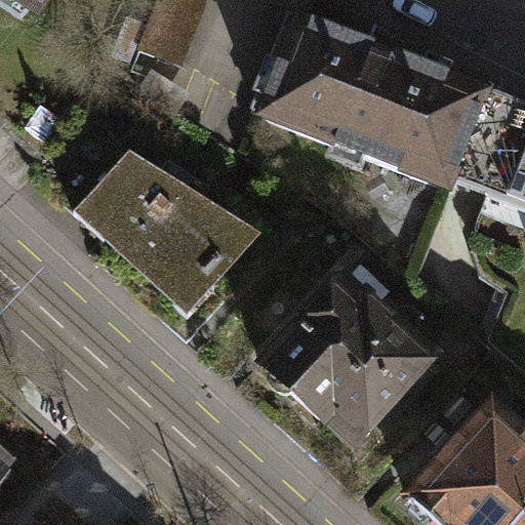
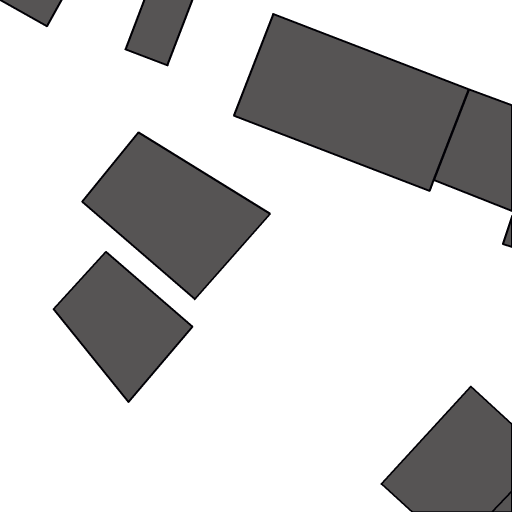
building: none -> [54,252,192,402]
building: [274,257,458,442] -> none

